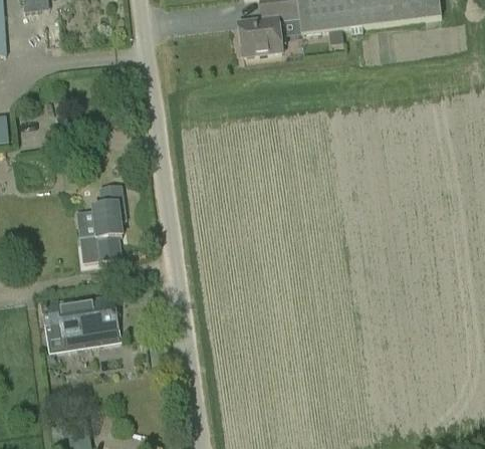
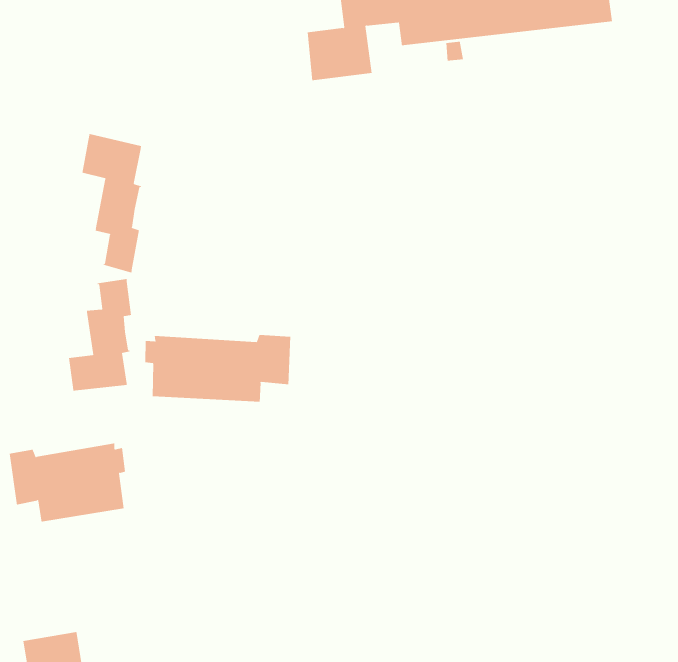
building: none -> [82,133,142,273]
building: none -> [145,334,291,403]

